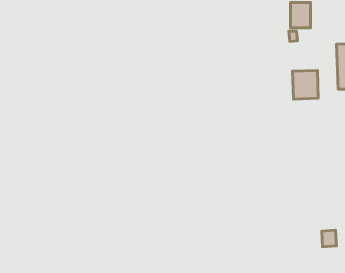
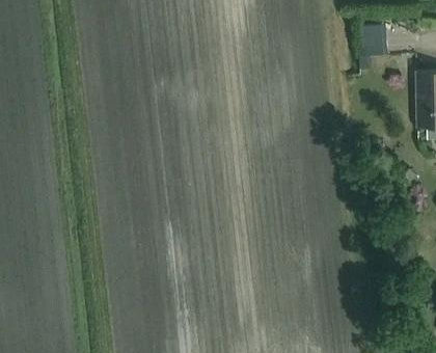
building: [293,70,318,99] -> none

